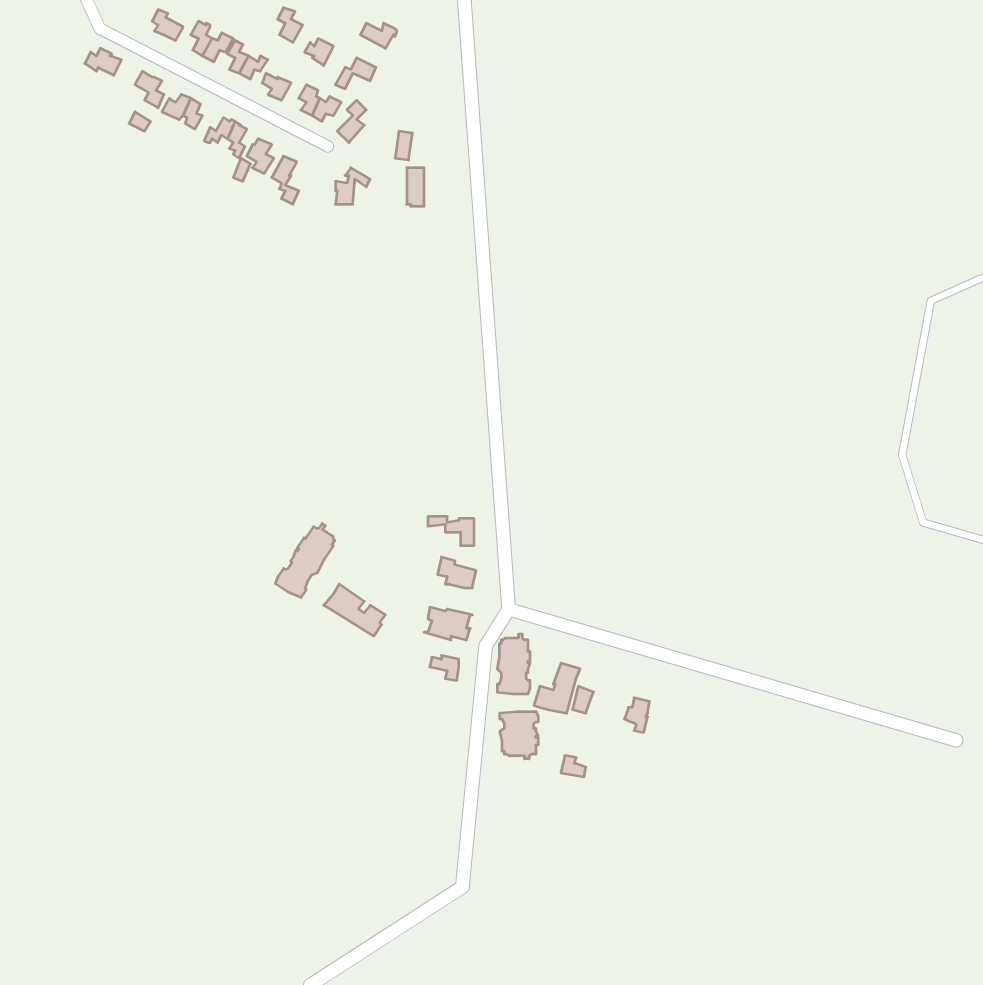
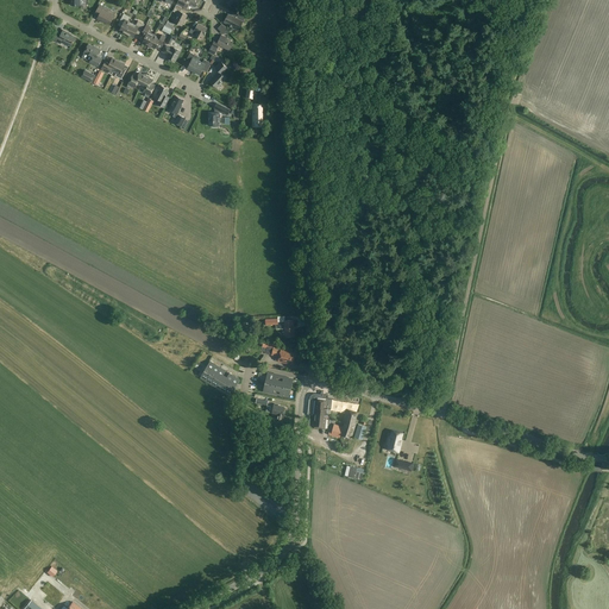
building: [276,523,335,598] -> none
building: [500,711,538,759] -> none

